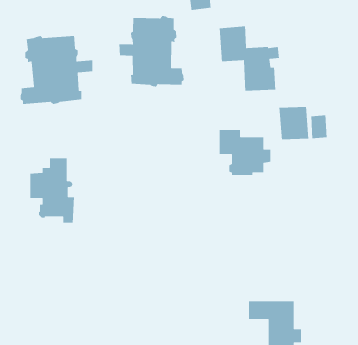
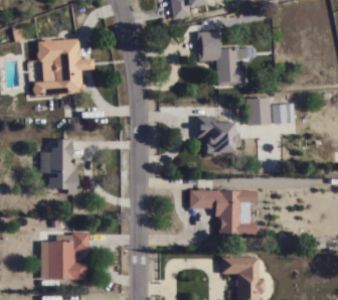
building: [118,15,184,87] -> none
building: none -> [189,190,257,237]
building: none -> [40,233,89,279]

